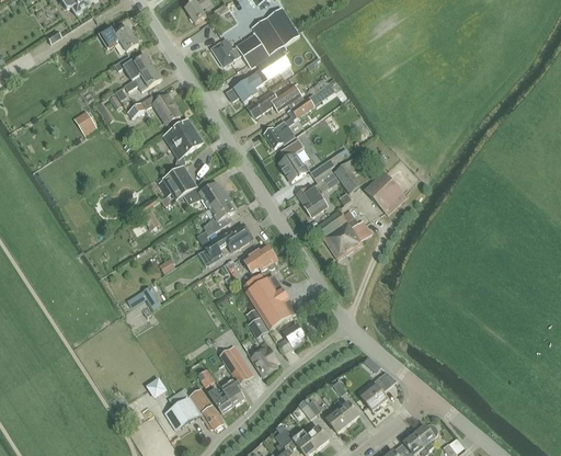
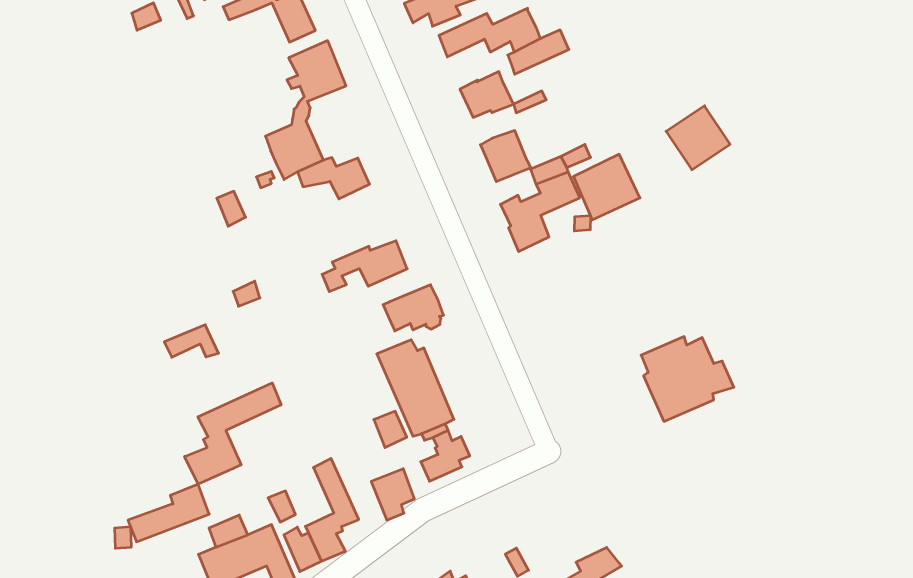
building: [370,179,407,215] -> [666,106,730,170]
building: [203,194,233,235] -> none
building: [318,209,371,259] -> [641,337,734,421]
building: none -> [185,383,281,484]

